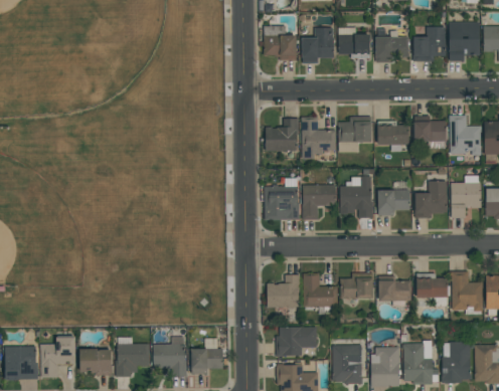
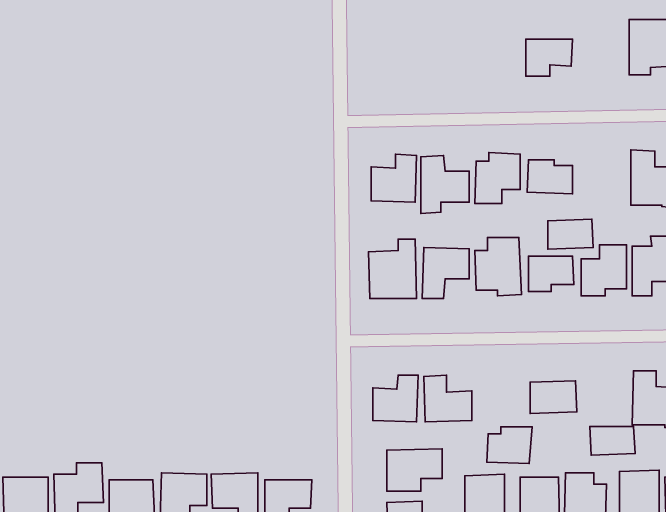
building: [264,25,297,60] -> none
building: [302,26,334,63] -> none
building: [413,26,446,62] -> none
building: [339,27,370,58] -> none
building: [414,121,447,142] -> [548,219,593,249]
building: [342,273,374,300] -> [487,427,532,464]
building: [417,278,449,299] -> [590,427,635,455]

